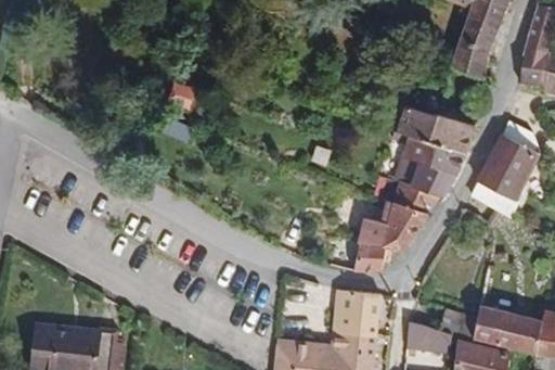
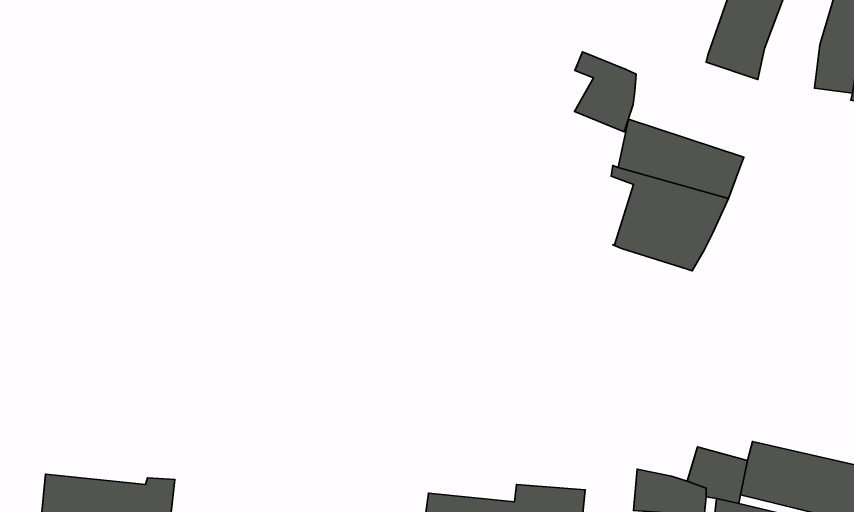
building: none -> [575,52,636,132]
building: [473,120,540,216] -> none
building: [336,183,440,272] -> none
building: [333,290,379,335] -> none

